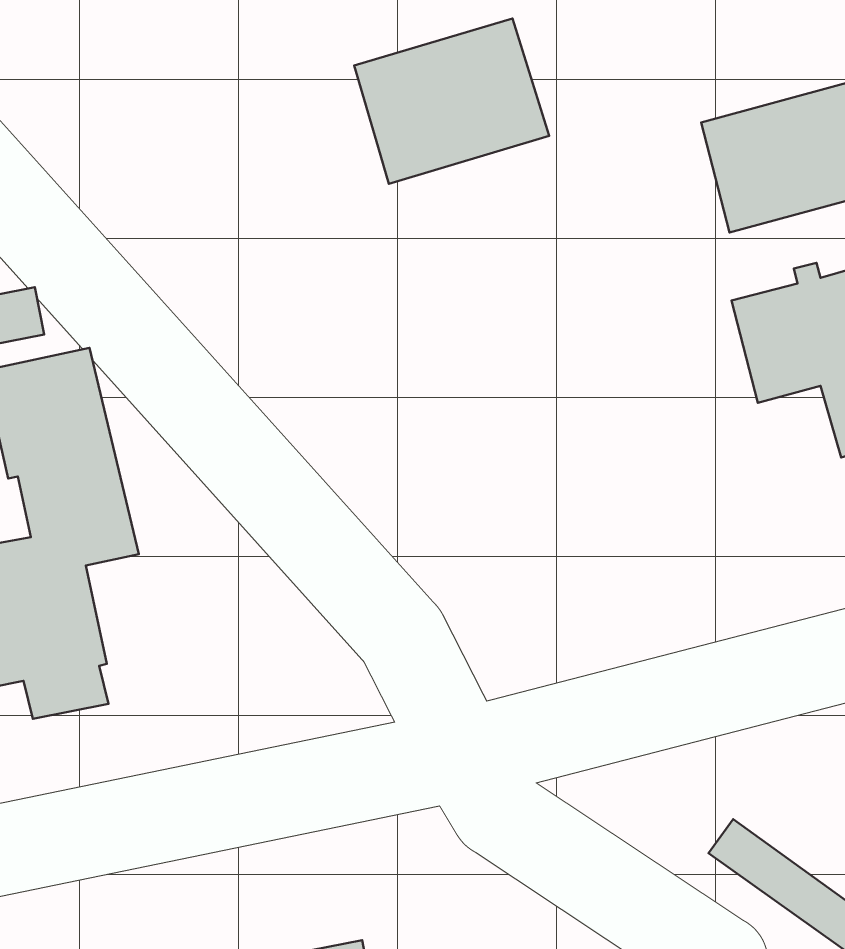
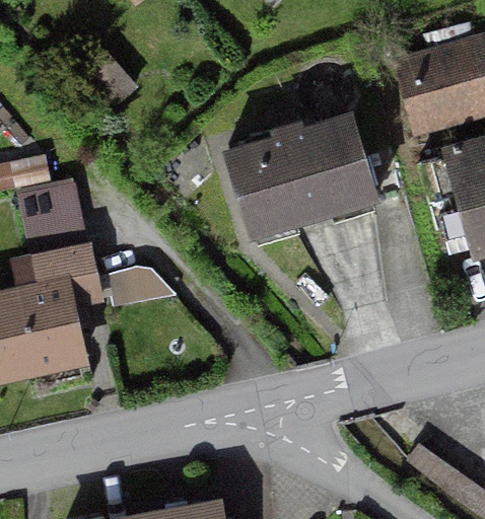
building: [354,19,549,184] -> none
building: none -> [227,118,374,235]

